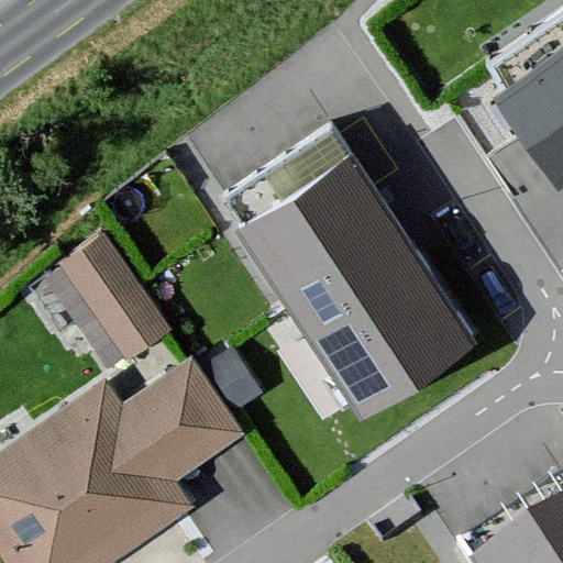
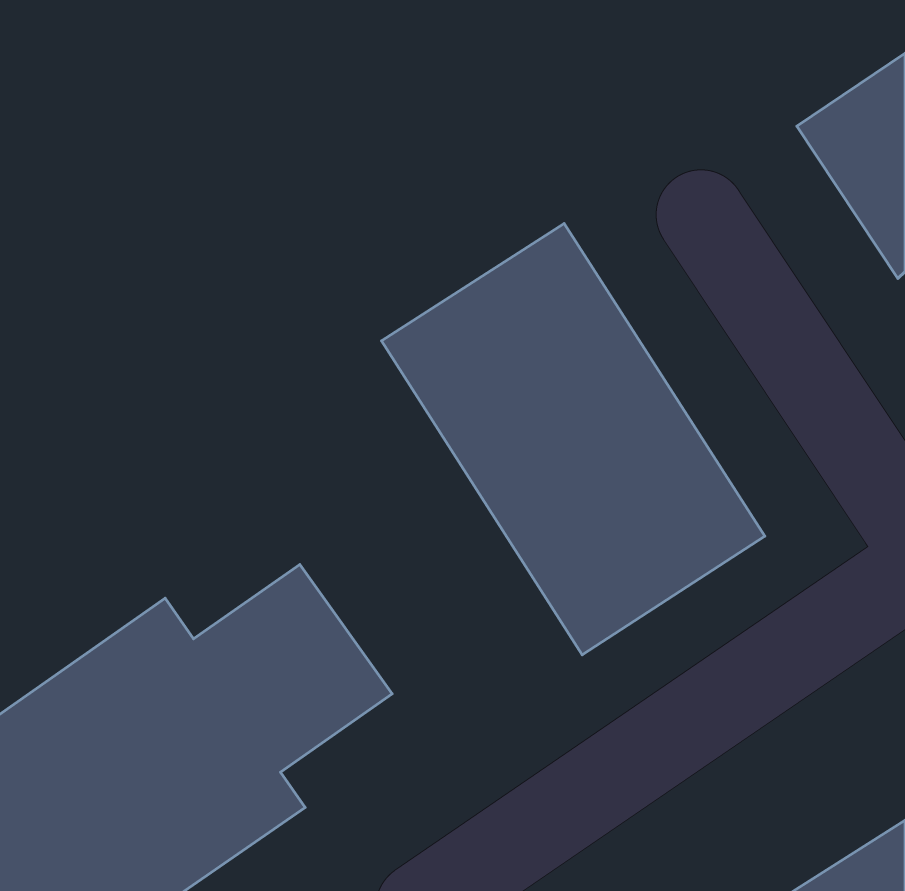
building: [54,234,168,364] -> none

